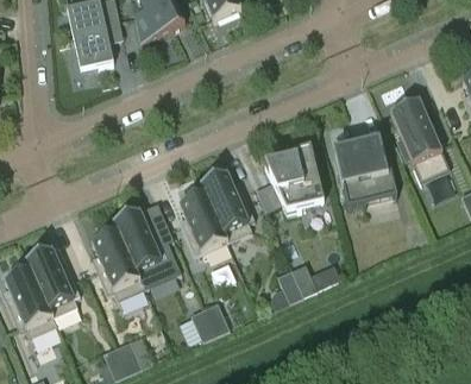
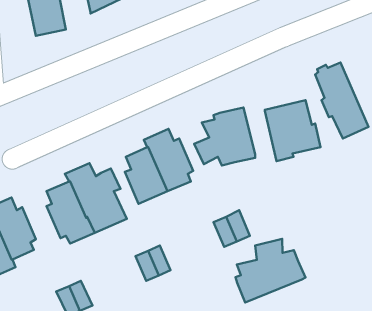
building: none -> [236,239,305,302]

